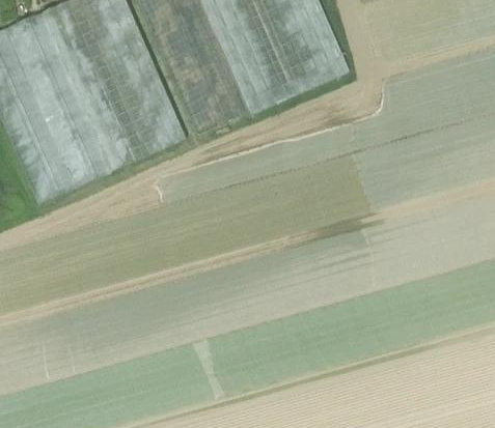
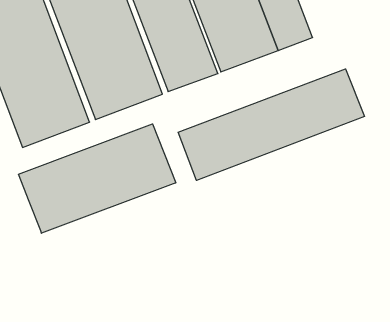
building: none -> [178,69,364,180]
building: none -> [18,124,176,233]

